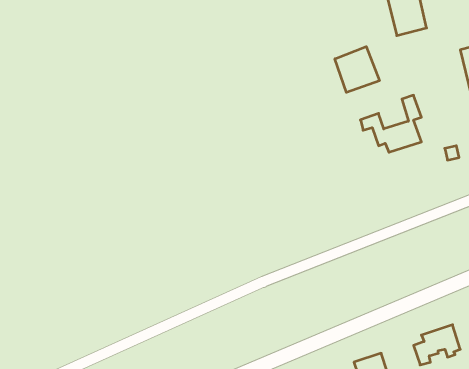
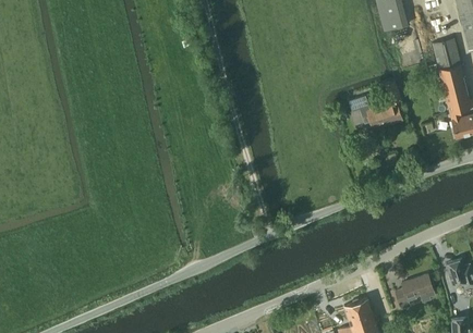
building: [335,47,379,92] -> none

